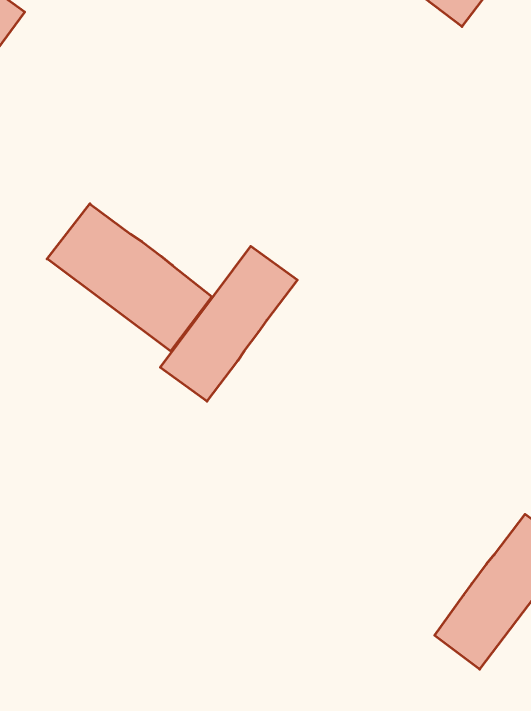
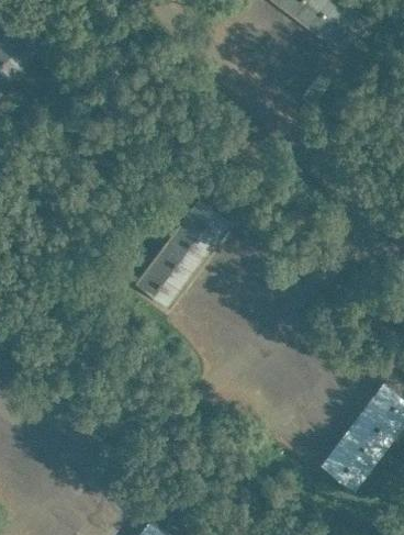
building: [47,204,212,351] -> none

